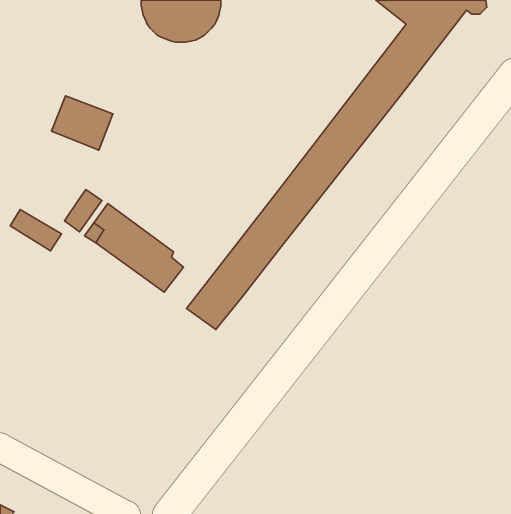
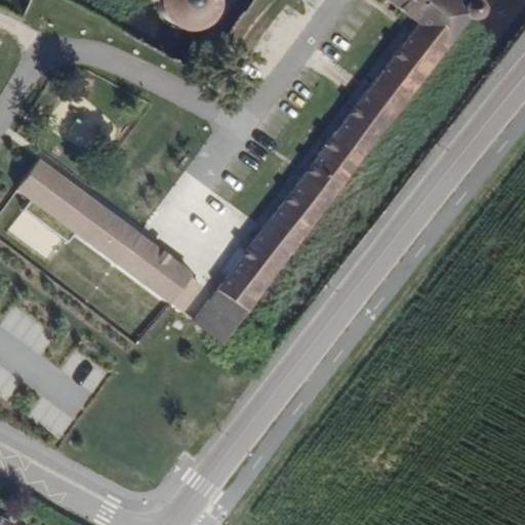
building: none -> [14,163,85,226]

